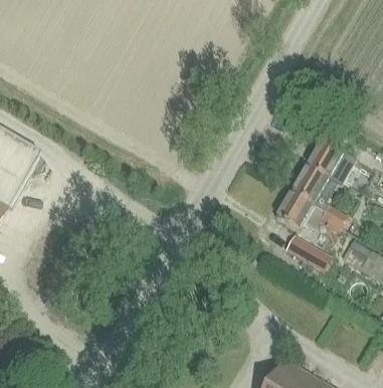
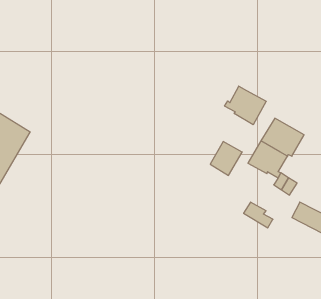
building: none -> [225,86,266,125]
building: [275,191,313,230] -> [210,142,242,175]

